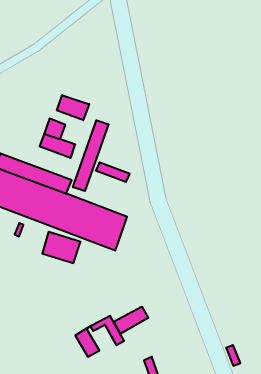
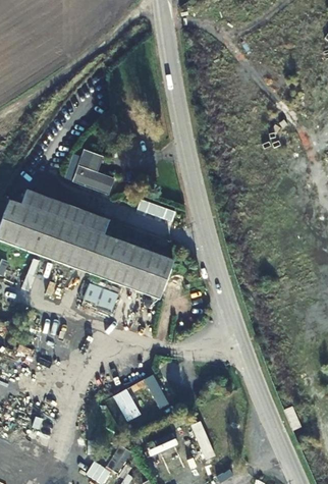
building: [57,95,89,120] -> none
building: [73,120,109,191] -> none
building: [114,307,148,334] -> none

